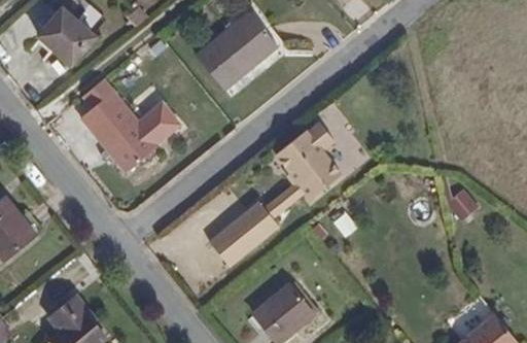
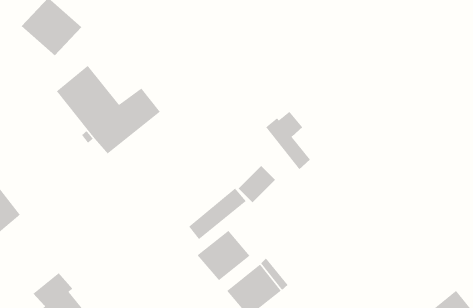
building: [196,11,277,89] -> none
building: [276,141,329,200] -> none
building: none -> [197,230,251,281]

